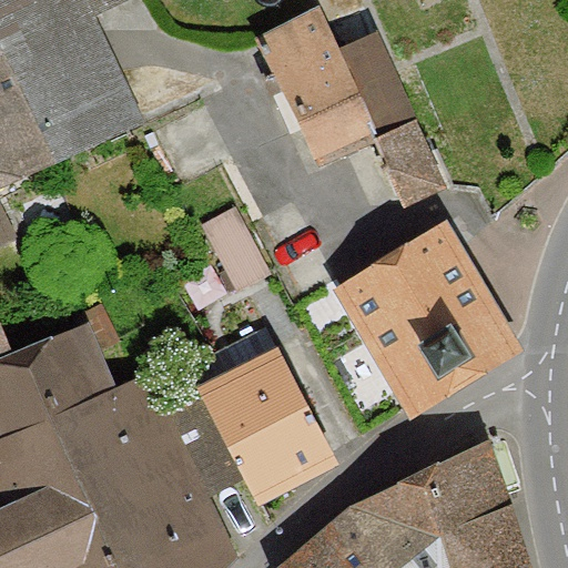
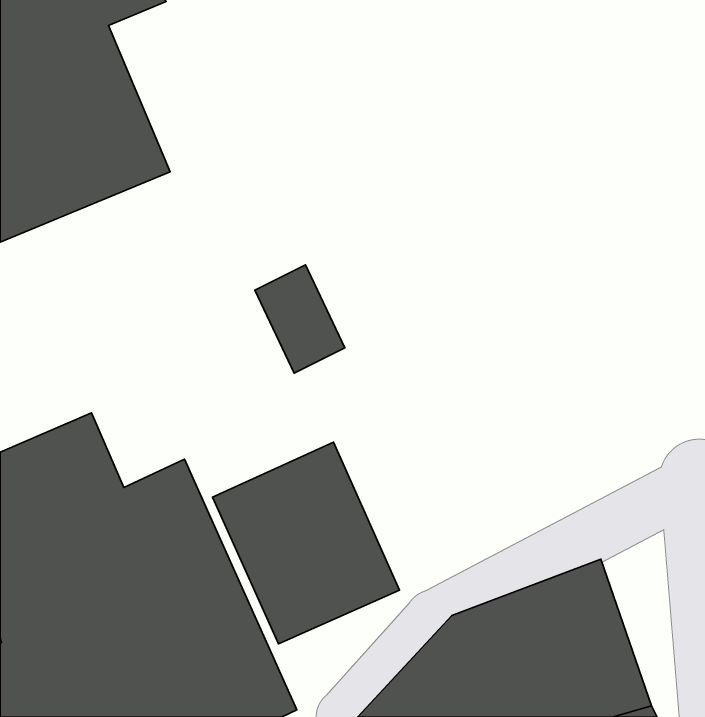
building: [253,20,444,221] -> none
building: [326,216,527,417] -> none

